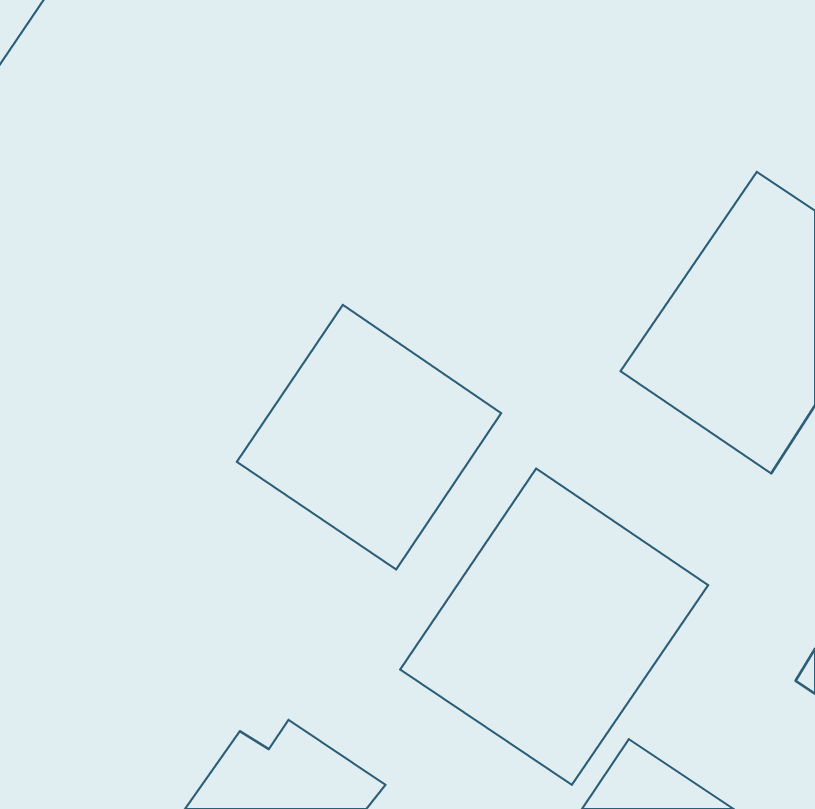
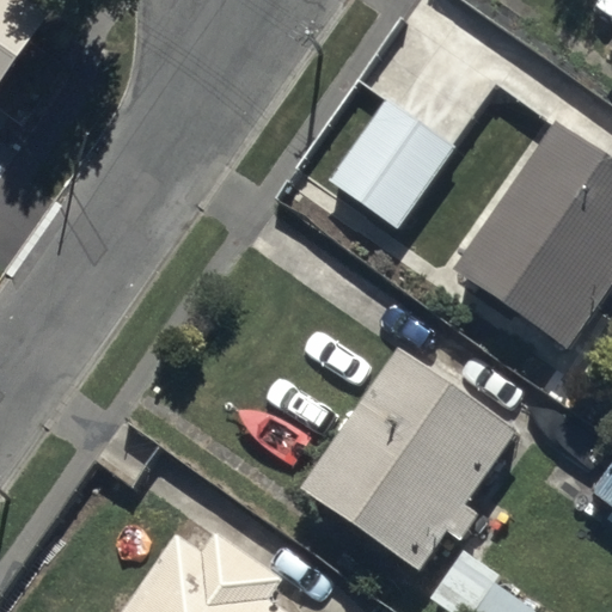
building: none -> [329,96,458,228]
building: [237,305,501,570] -> none

